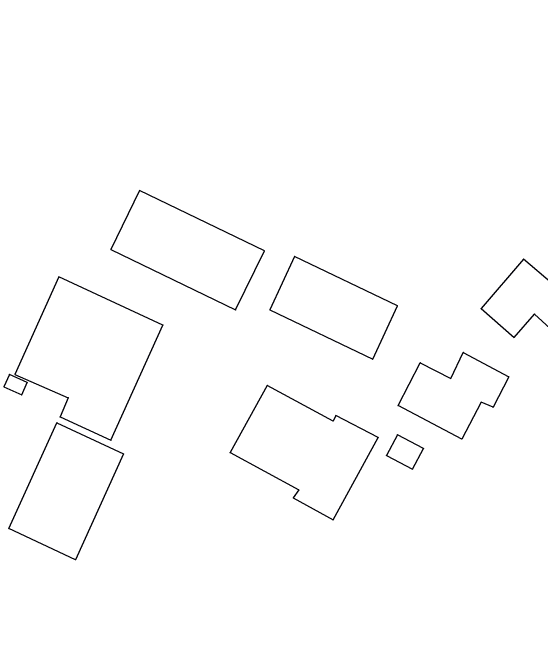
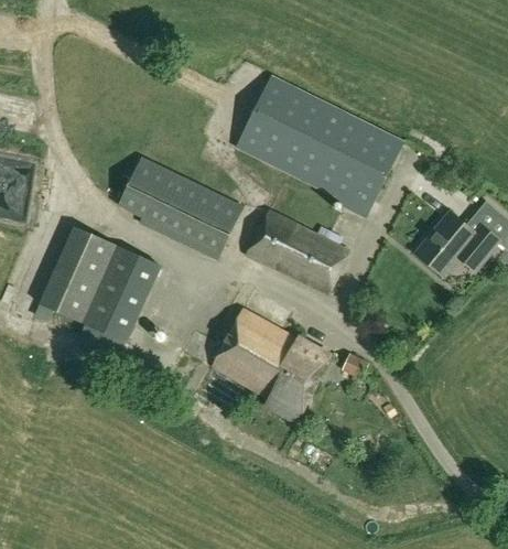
building: none -> [236,75,403,216]
building: [398,352,509,439] -> none
building: [9,423,123,560] -> none

